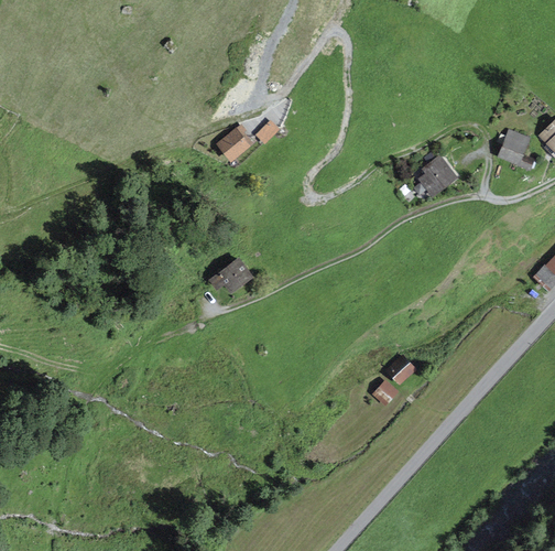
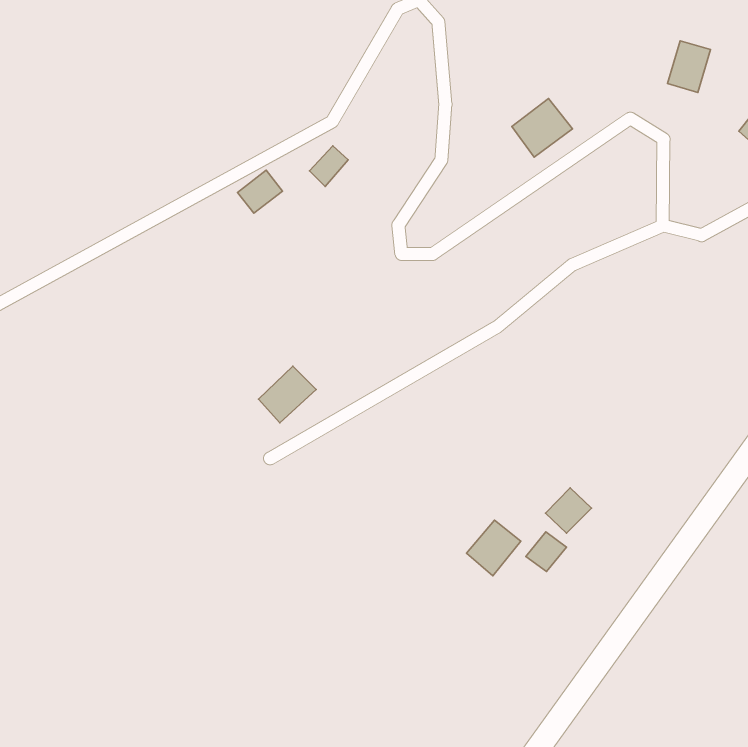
building: [497,130,526,164] -> [668,41,711,92]
building: [415,159,454,195] -> [512,98,572,157]
building: none -> [466,520,521,576]

